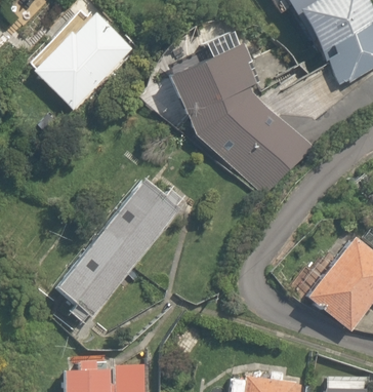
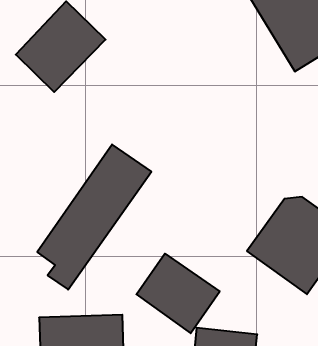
building: [171,49,318,200] -> none
building: none -> [136,254,220,333]

